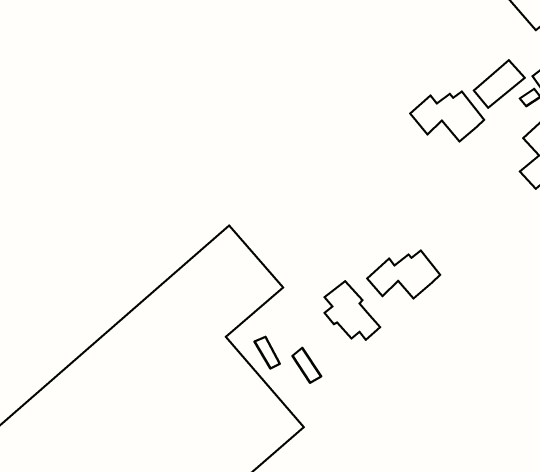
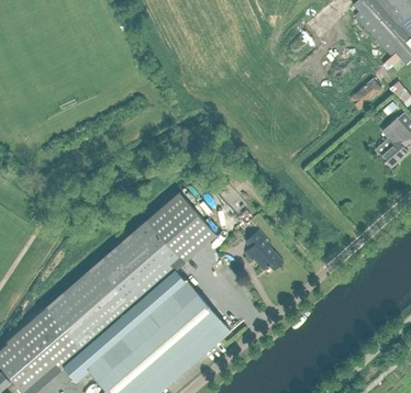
building: [410,91,484,141] -> none
building: [367,251,440,299] -> none

